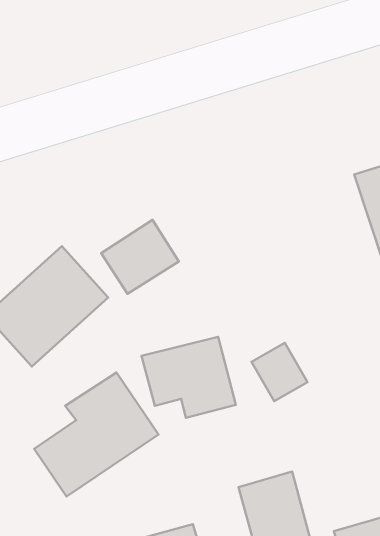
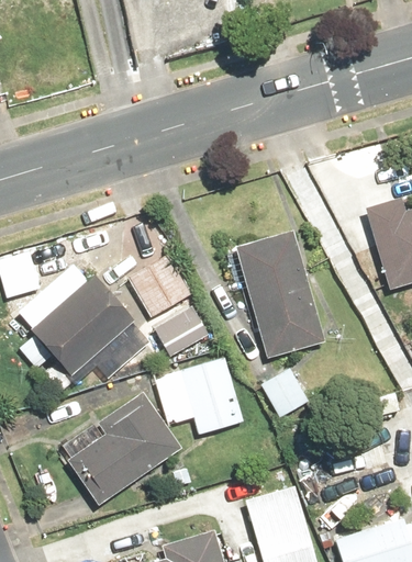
building: none -> [232,231,324,361]
building: none -> [162,304,218,357]

